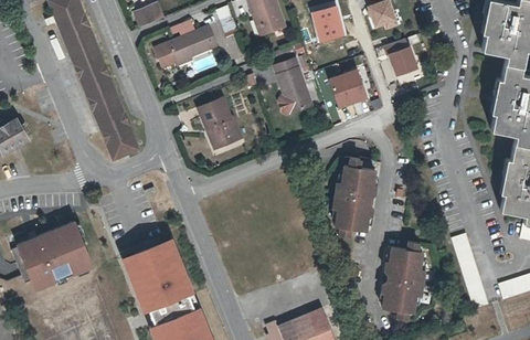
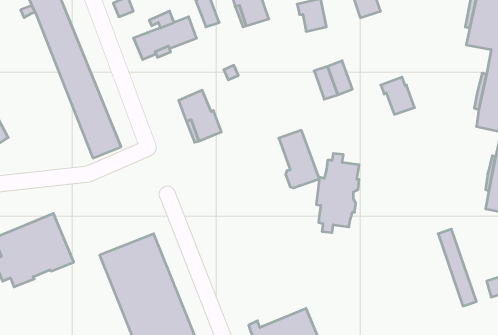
building: [384,39,417,75] -> [381,77,415,114]
building: [274,57,314,114] -> [279,130,319,188]
building: [381,242,423,320] -> none

